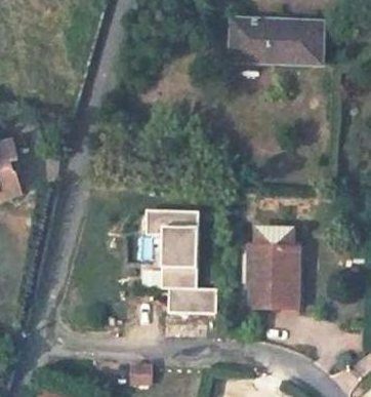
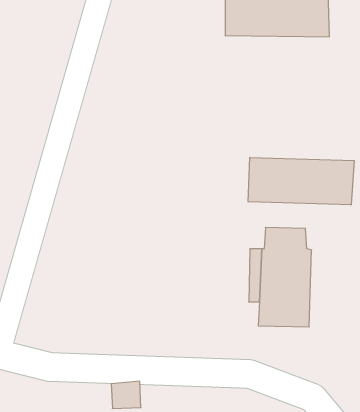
building: none -> [248,157,354,205]
building: [150,208,221,312] -> none

